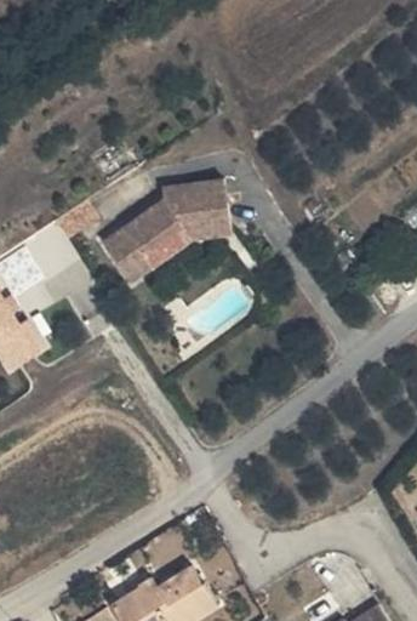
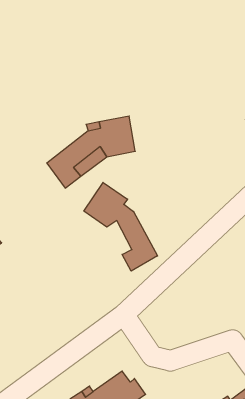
building: none -> [84,182,158,271]

